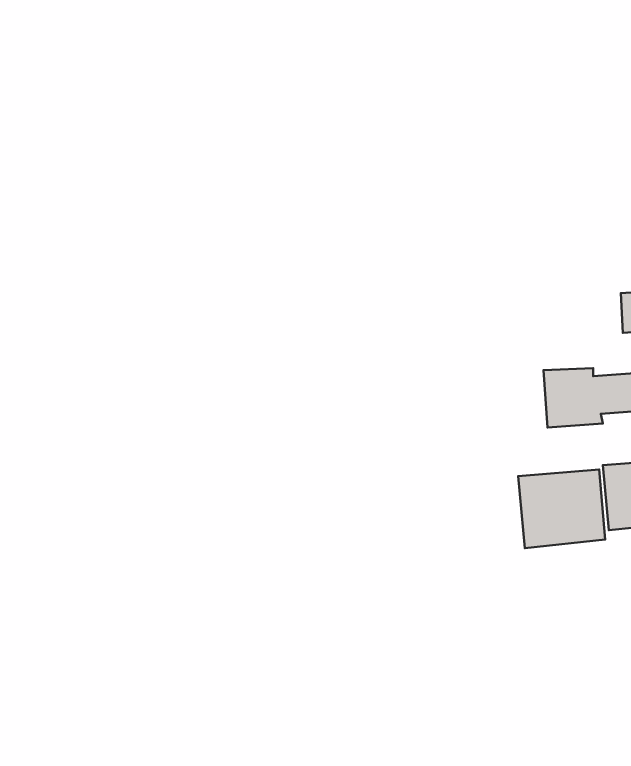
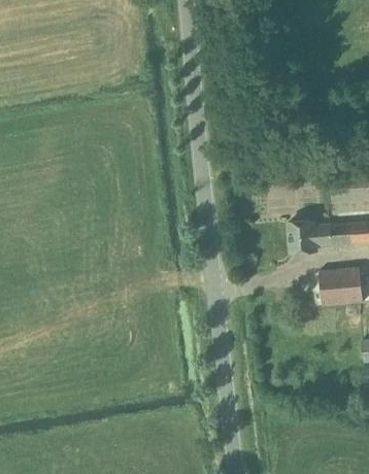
building: [518,470,605,548] -> none

